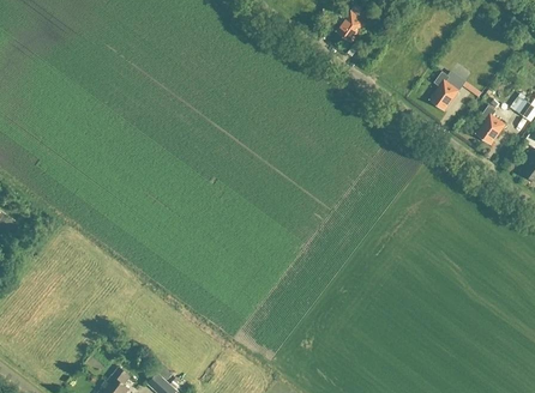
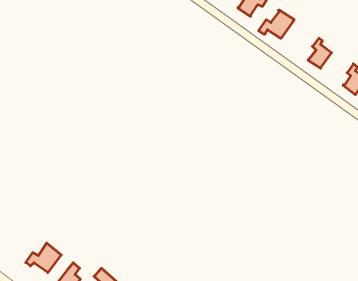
building: none -> [259,10,294,38]
building: none -> [26,243,61,273]

